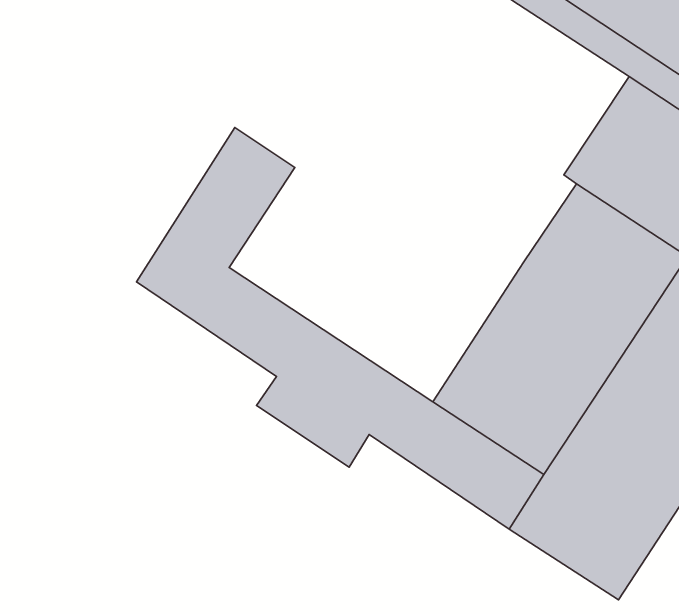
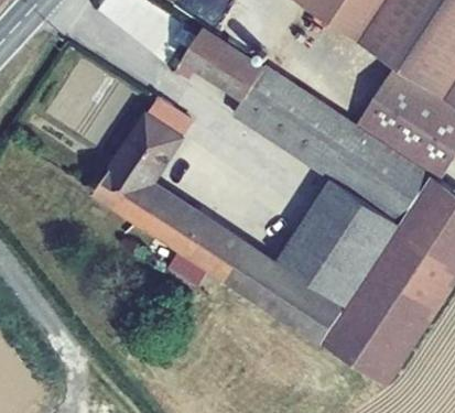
building: none -> [183,29,362,178]

